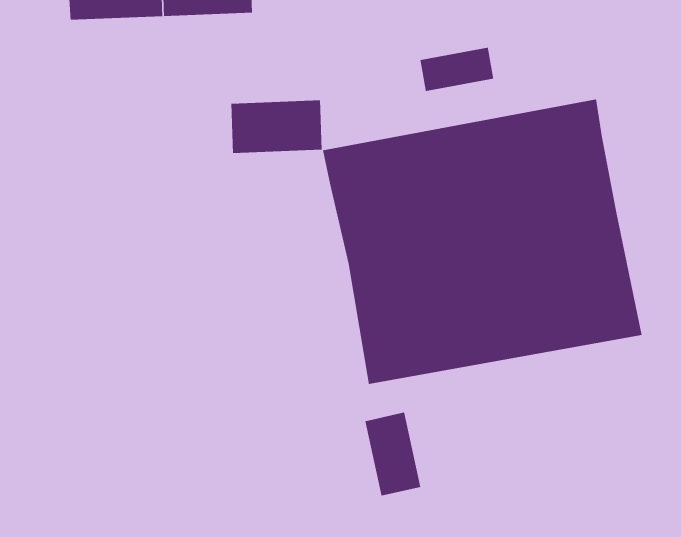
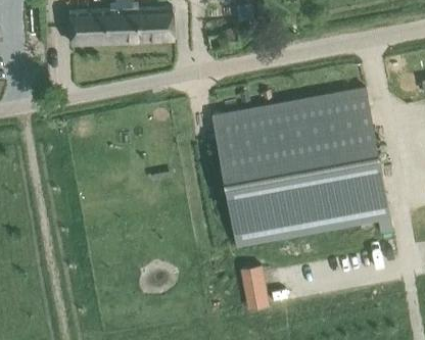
building: [420,47,494,92] -> none
building: [231,100,322,154] -> none

